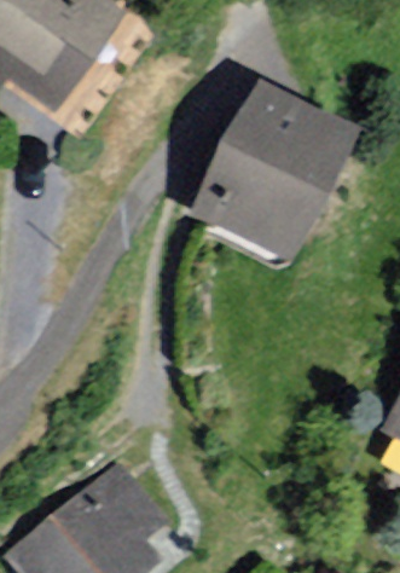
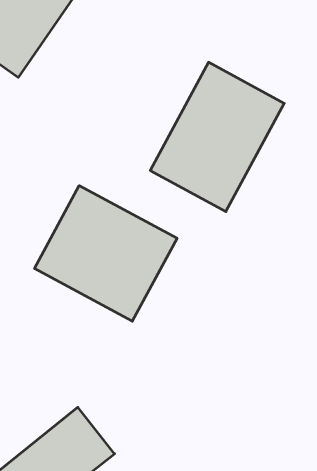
building: none -> [35,186,177,321]

